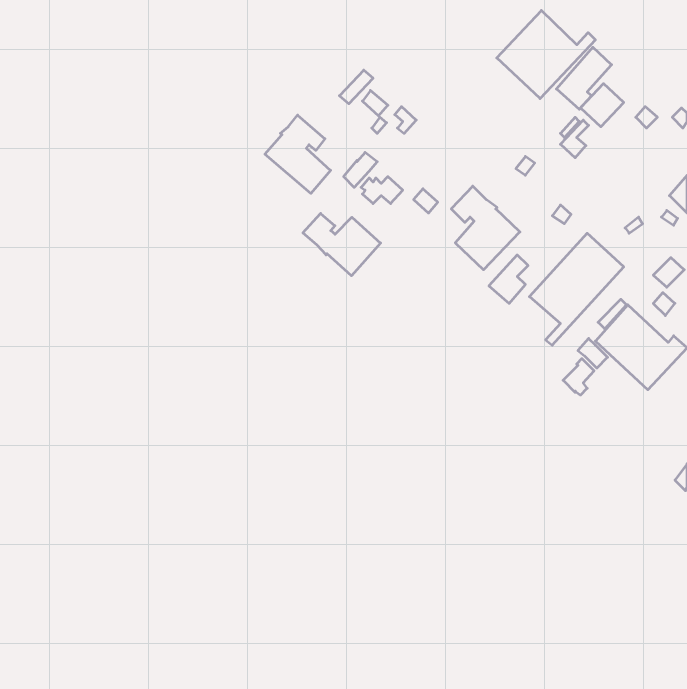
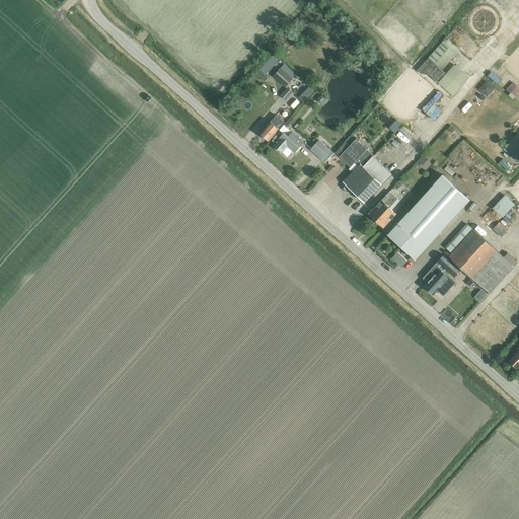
building: [497,10,595,99] -> none
building: [265,115,331,193] -> none
building: [303,213,381,276] -> none
building: none -> [387,223,422,255]

